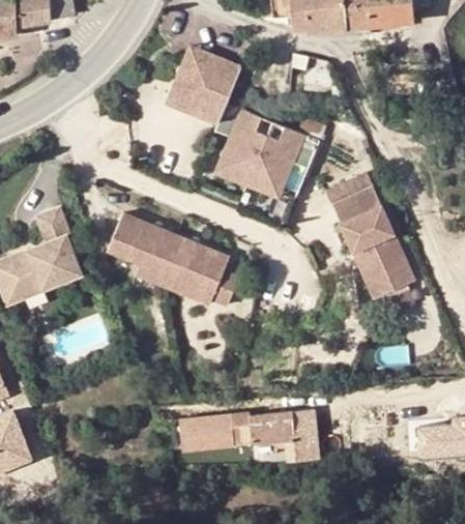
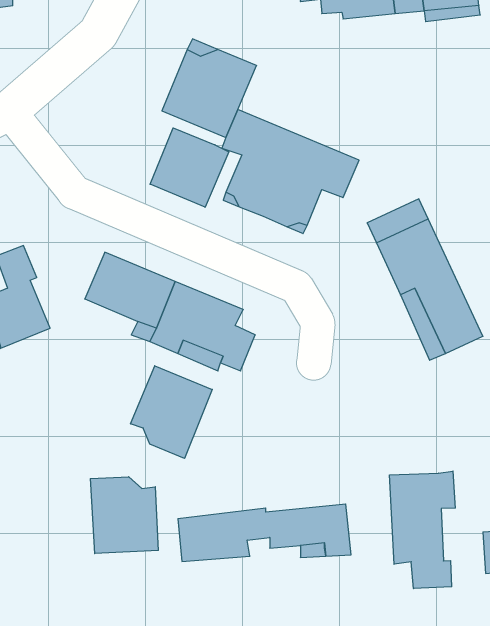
building: none -> [150,128,229,207]
building: none -> [131,366,212,458]
building: none -> [390,471,455,589]
building: none -> [90,477,158,554]

